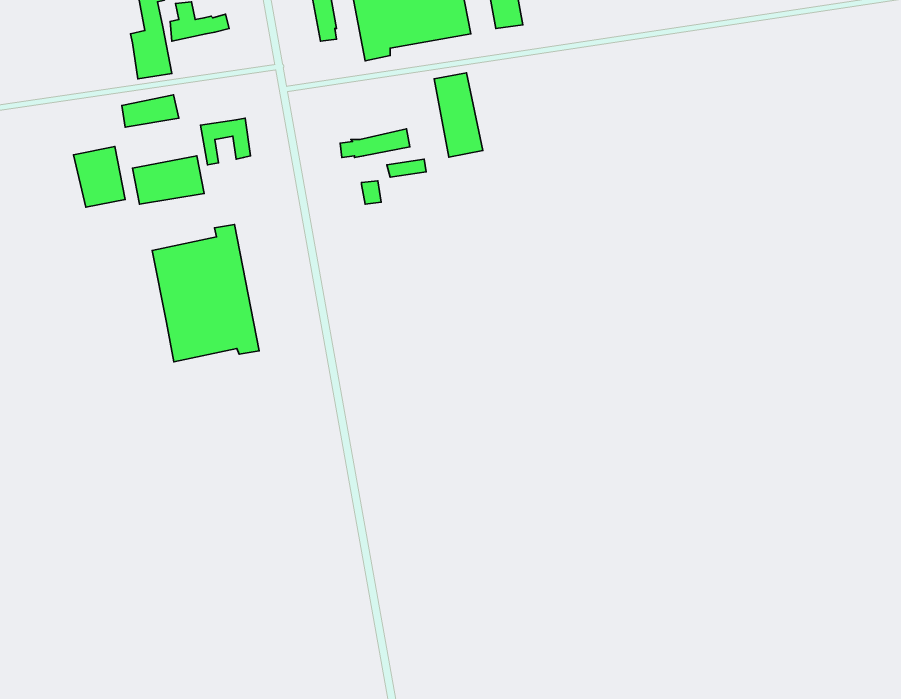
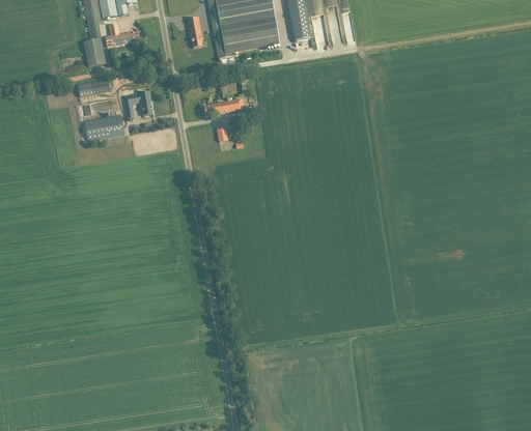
building: [434,73,483,157] -> none
building: [74,147,125,207] -> none
building: [152,224,259,362] -> none

